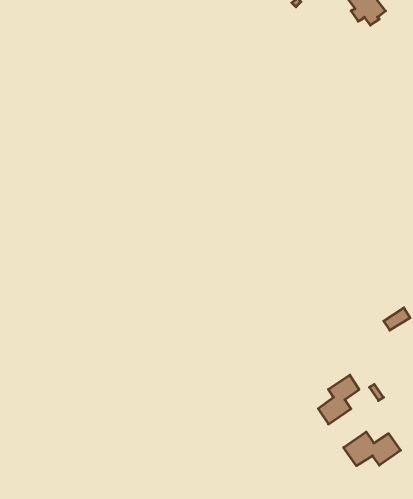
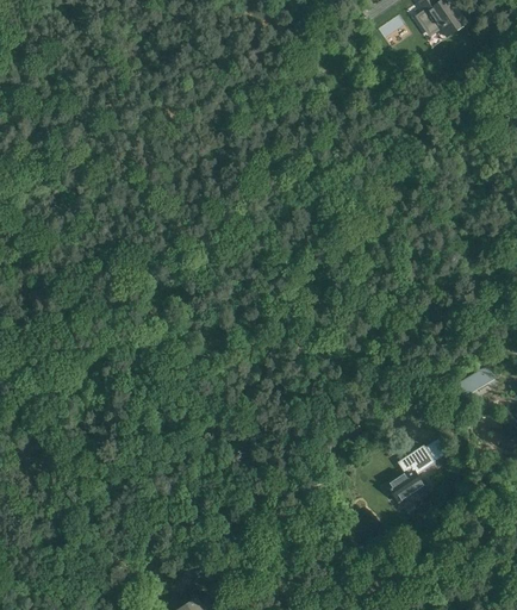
building: [344,432,401,466] -> none

